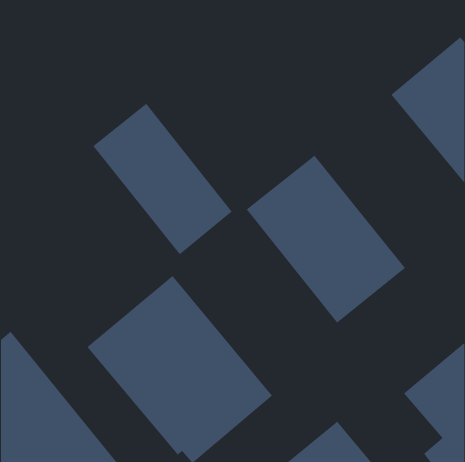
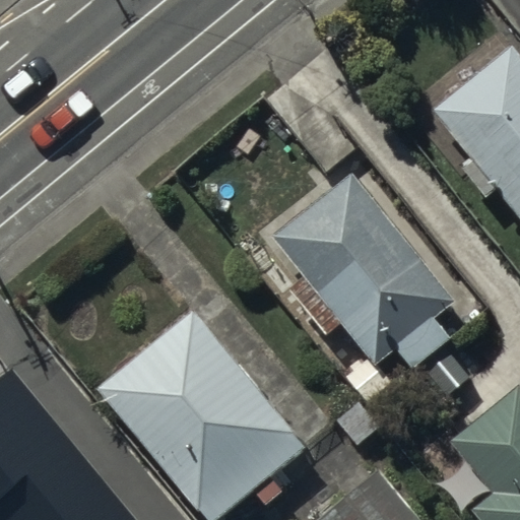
building: [92,103,233,255] -> none

